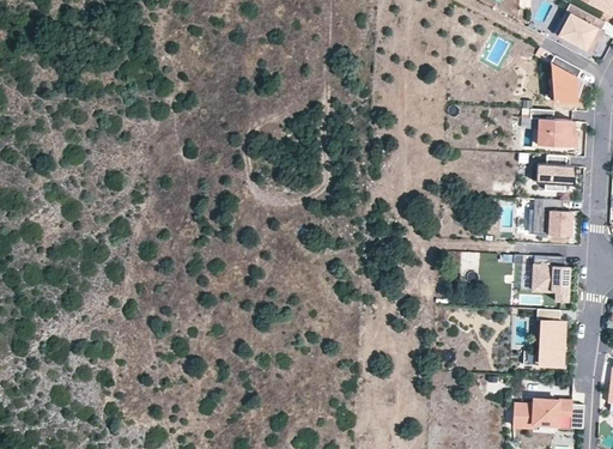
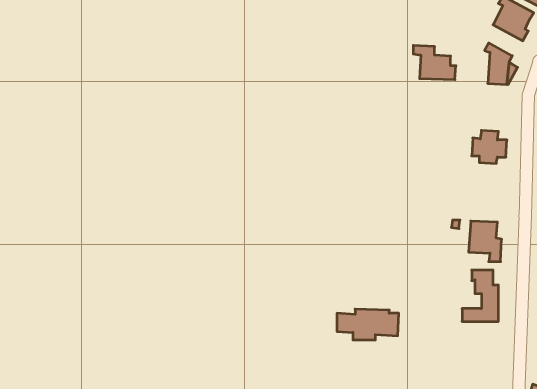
building: [529,108,577,146] -> [413,45,456,80]
building: [540,199,570,236] -> none
building: [514,402,583,437] -> [337,309,399,340]

